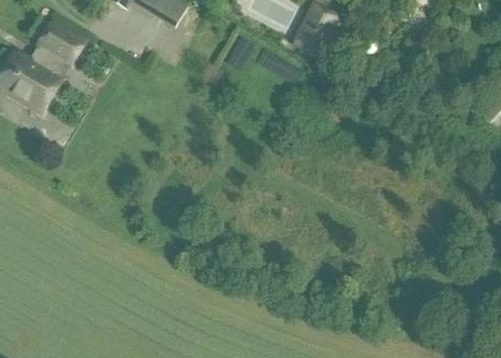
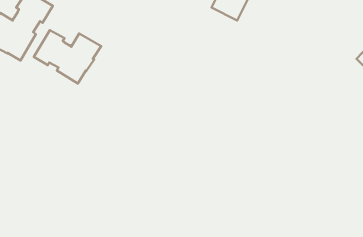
building: none -> [34,30,101,84]

